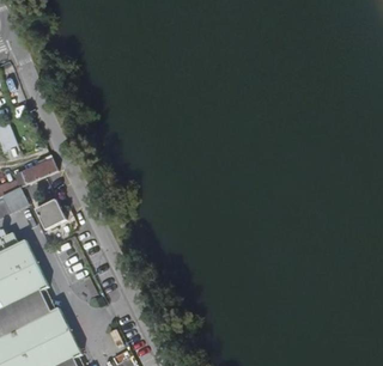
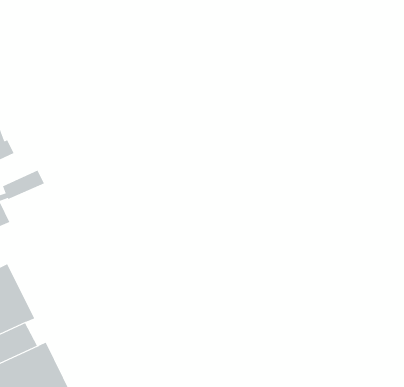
building: [34,199,65,230] -> none

